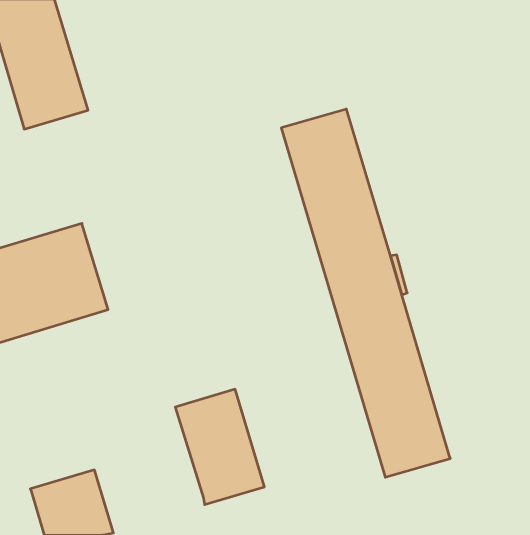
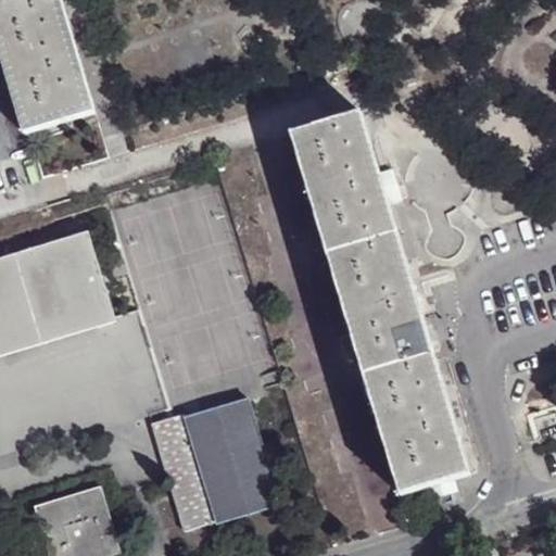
building: none -> [150,415,211,525]

